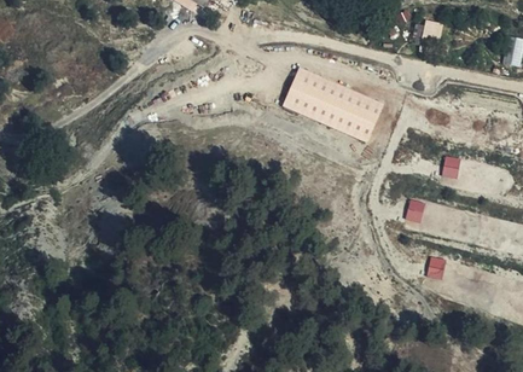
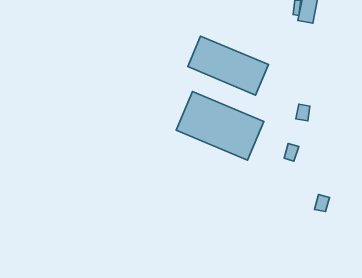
building: none -> [176,91,264,160]

